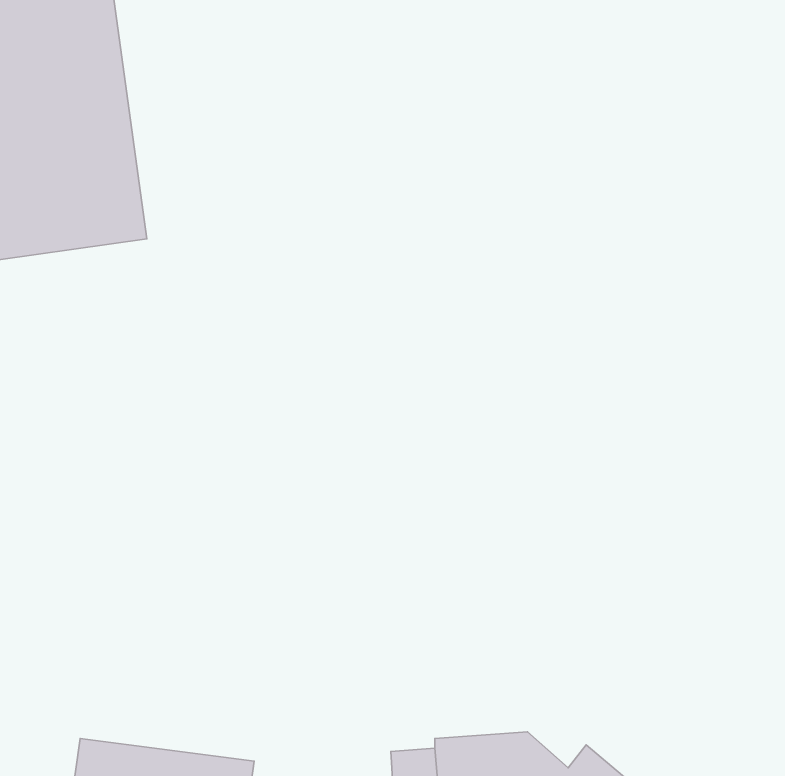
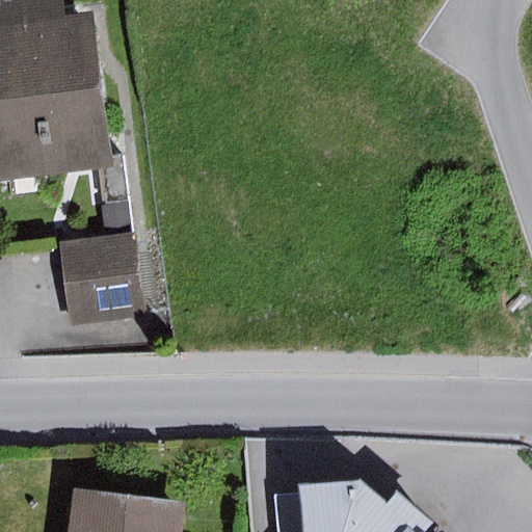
building: none -> [58,233,140,324]

